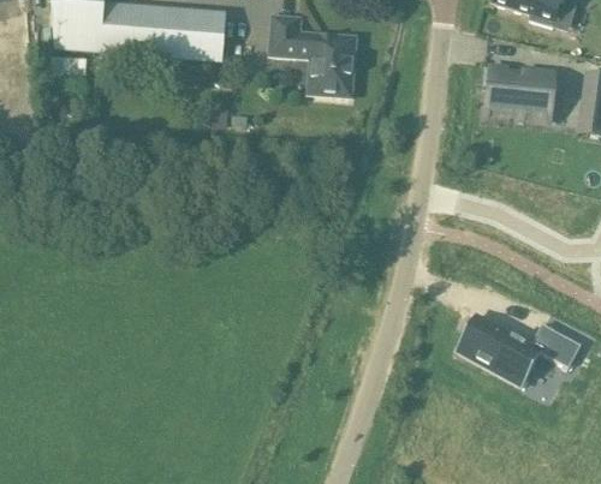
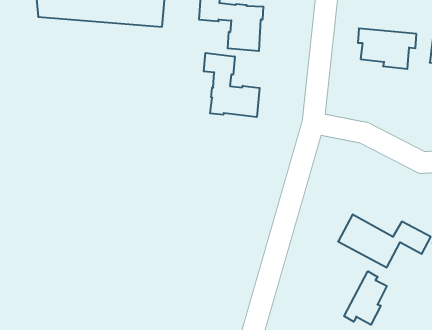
building: none -> [204,53,260,117]
building: none -> [344,271,387,325]

